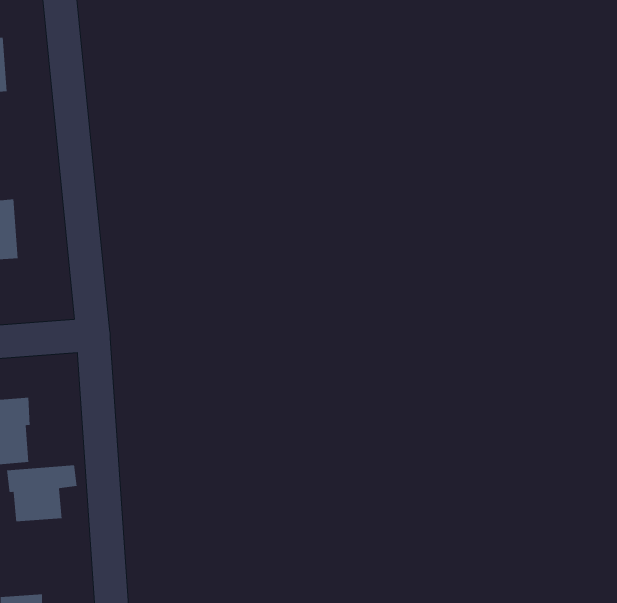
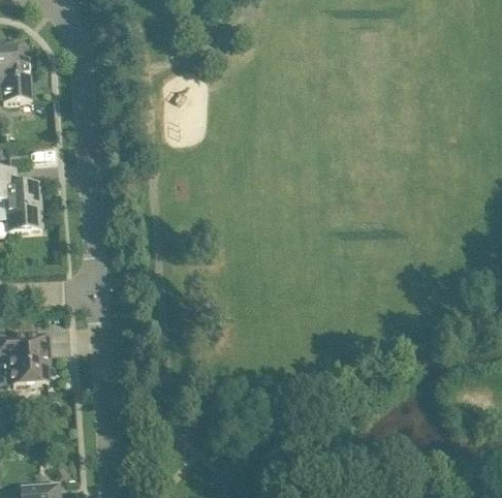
building: [6,465,77,522] -> none

